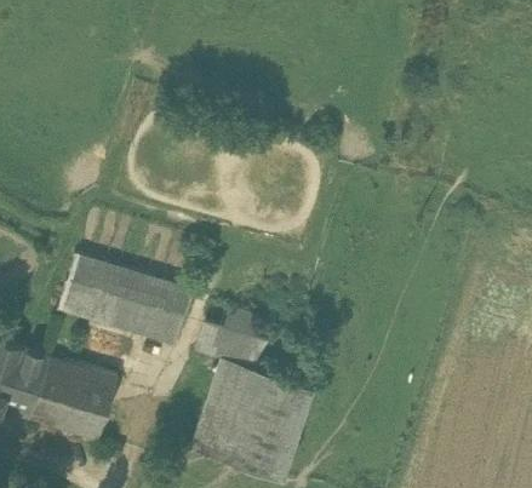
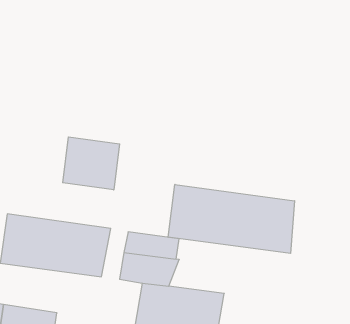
building: none -> [63,137,120,190]
building: none -> [168,184,295,253]

